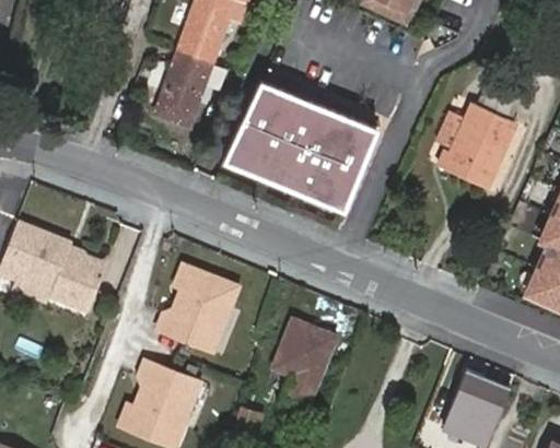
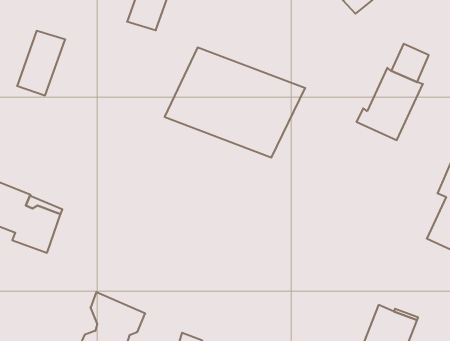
building: [156,52,211,126] -> [17,31,65,95]
building: [155,267,238,353] -> none
building: [275,319,334,404] -> none

